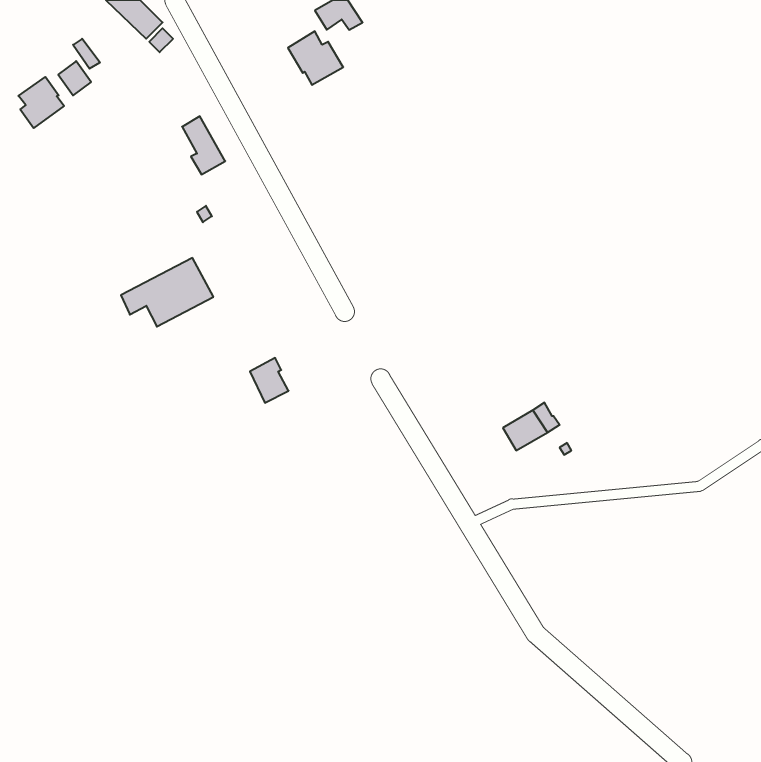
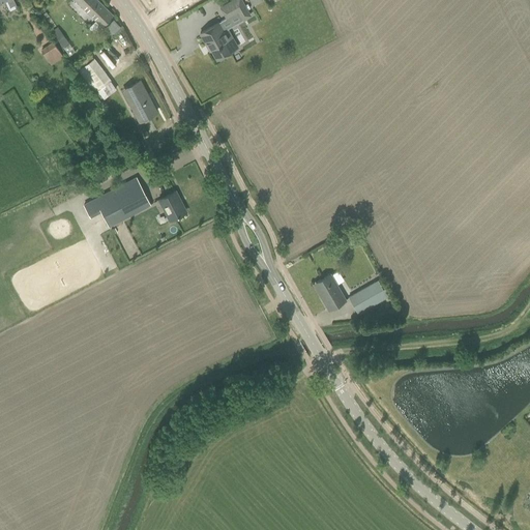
building: [18,77,64,128] -> none
building: none -> [80,60,111,93]
building: [250,358,289,403] -> [158,190,185,222]
building: none -> [317,274,346,310]

